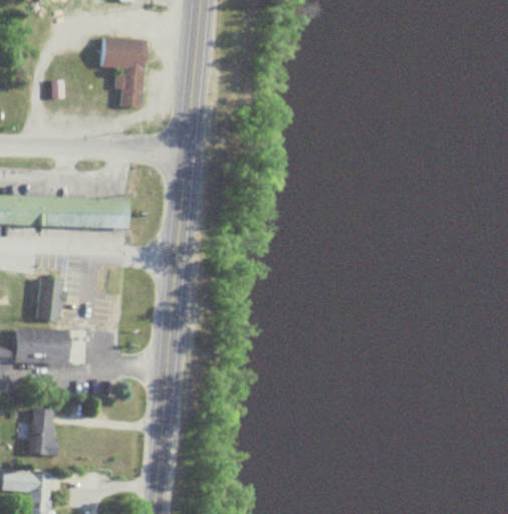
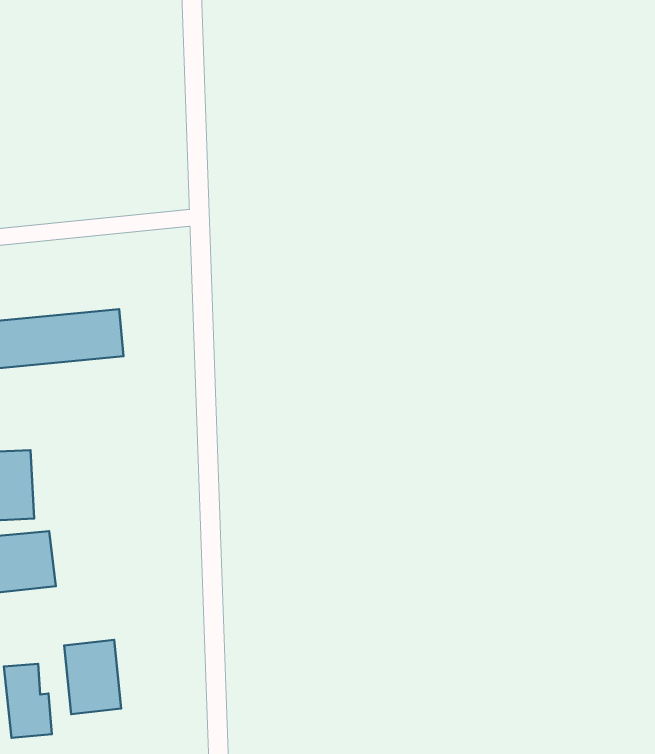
building: [100,37,147,107] -> none
building: none -> [64,640,121,714]

